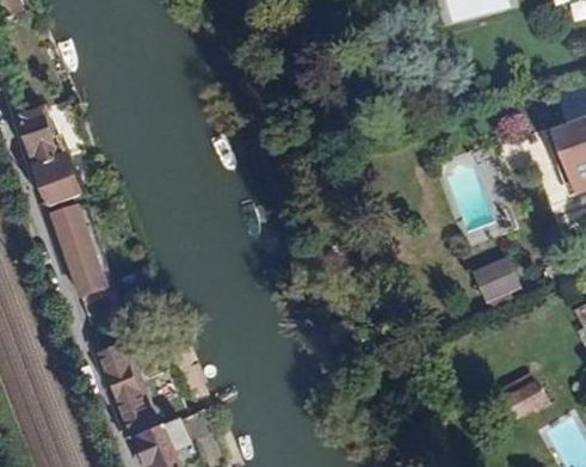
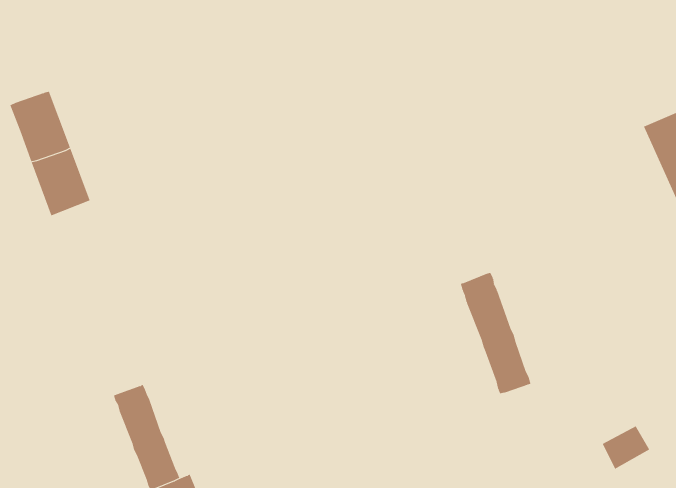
building: [50,201,110,295] -> none
building: none -> [460,272,531,394]
building: [473,257,520,303] -> none

